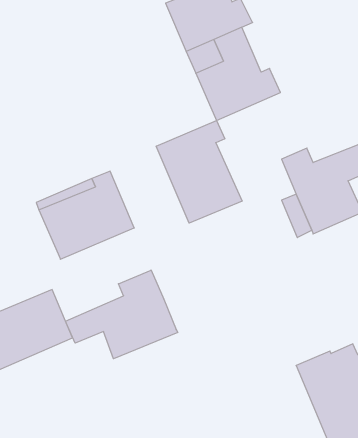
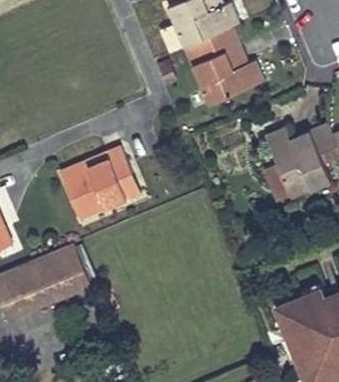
building: [156,120,242,223] -> none
building: [65,270,178,359] -> none

